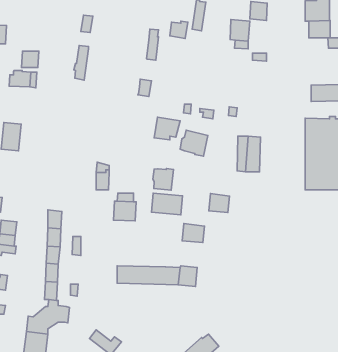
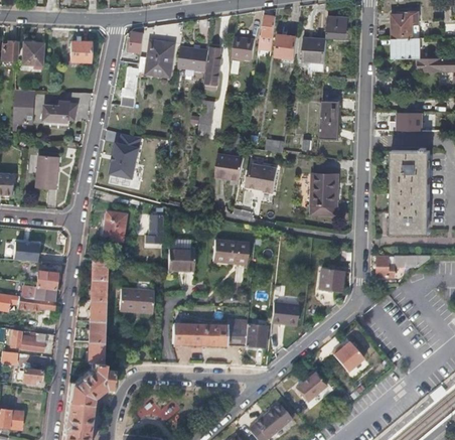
building: none -> [276,34,298,57]
building: none -> [139,39,176,72]
building: none -> [179,45,208,69]
building: [21,51,39,67] -> [70,41,91,60]
building: none -> [321,100,341,139]
building: none -> [110,133,143,176]
building: none -> [104,209,127,240]
building: [153,169,173,190] -> none
building: [209,194,230,213] -> [318,268,342,290]
building: none -> [374,255,399,276]
building: [182,224,204,243] -> [271,304,297,326]
building: none -> [130,289,151,312]
building: none -> [333,345,366,378]
building: none -> [296,372,325,400]

